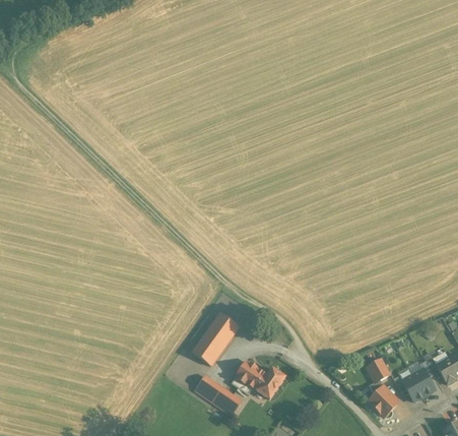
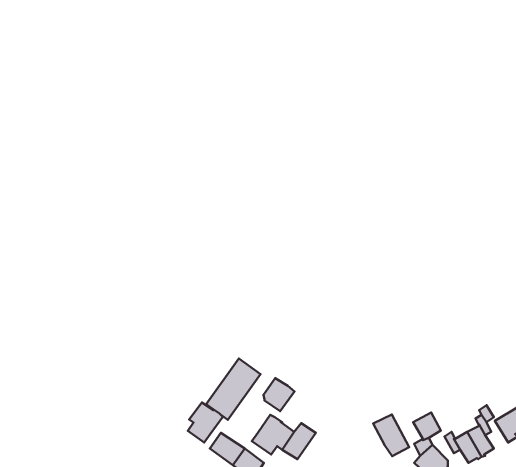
building: none -> [264,378,295,411]
building: none -> [188,402,223,443]
building: none -> [373,415,409,456]

